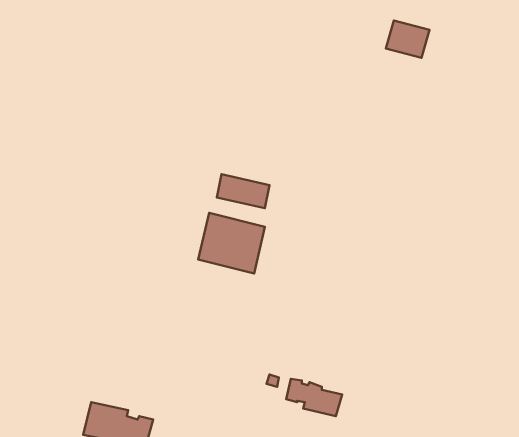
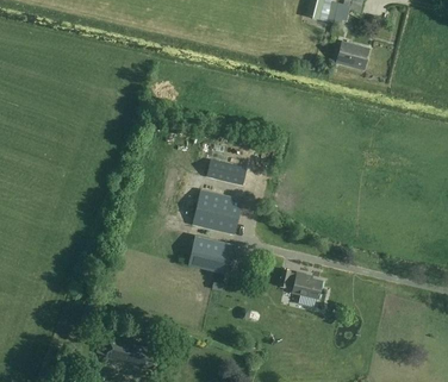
building: none -> [187,236,232,275]
building: [286,379,342,416] -> [279,270,322,299]

